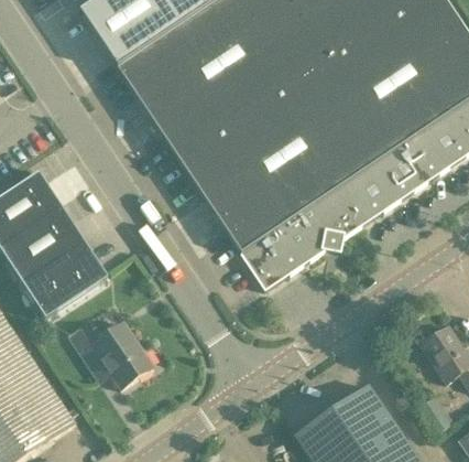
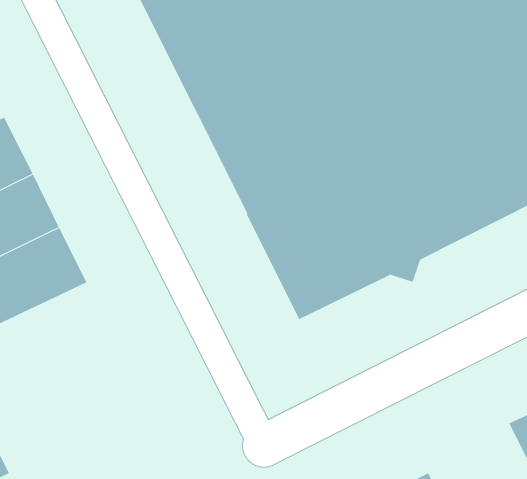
building: [70,322,154,388] -> none

